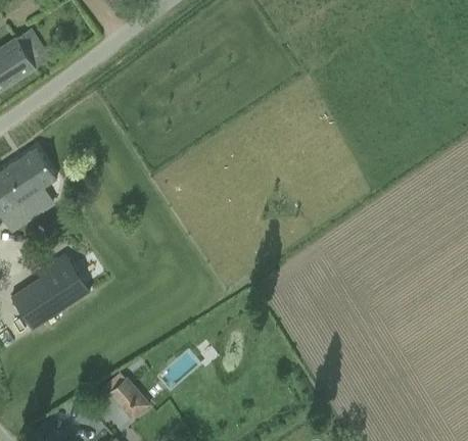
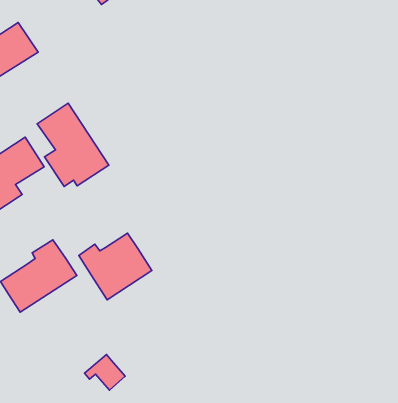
building: none -> [37,103,109,186]
building: none -> [79,233,152,300]

